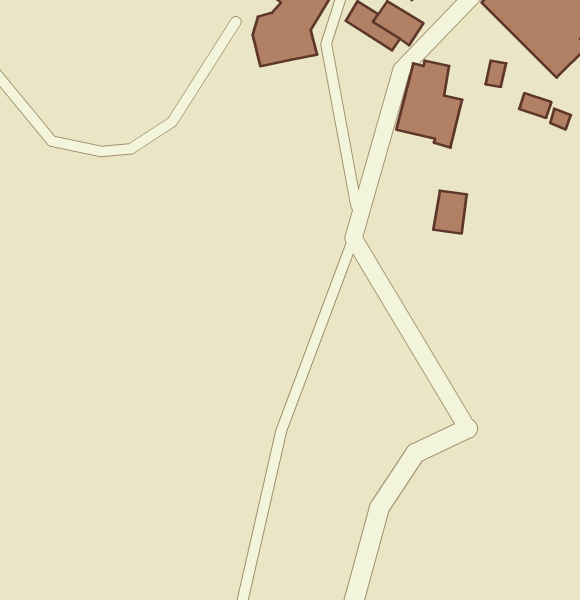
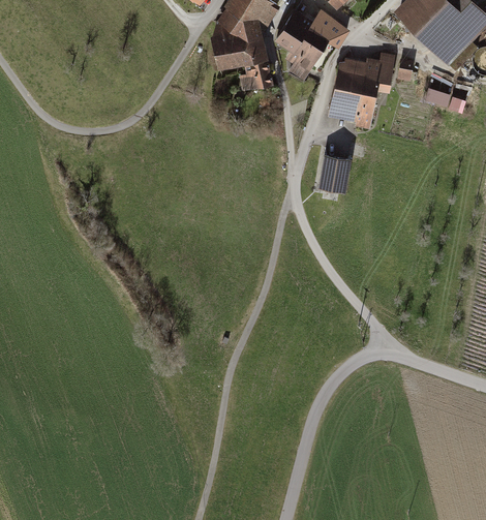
building: none -> [275,27,323,82]
building: none -> [239,54,269,87]
building: none -> [364,54,397,92]
building: [433,191,467,233] -> [318,154,345,188]

